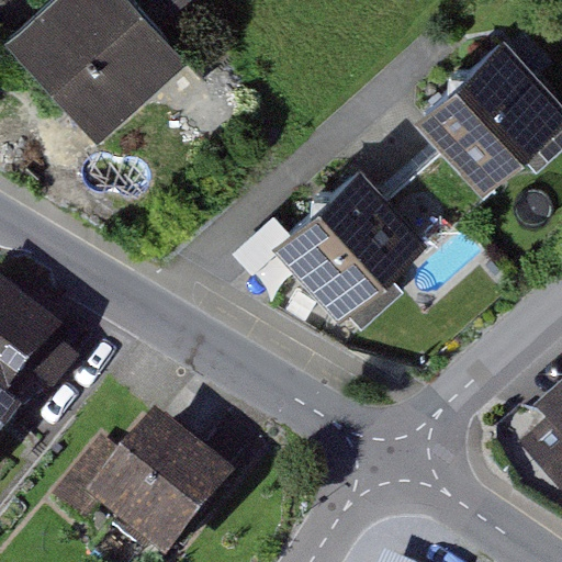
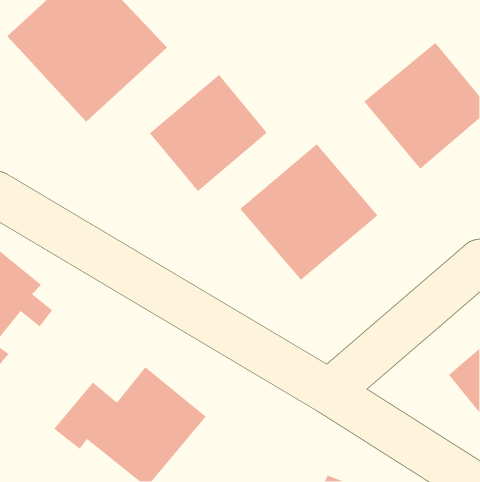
building: none -> [149,74,268,192]

